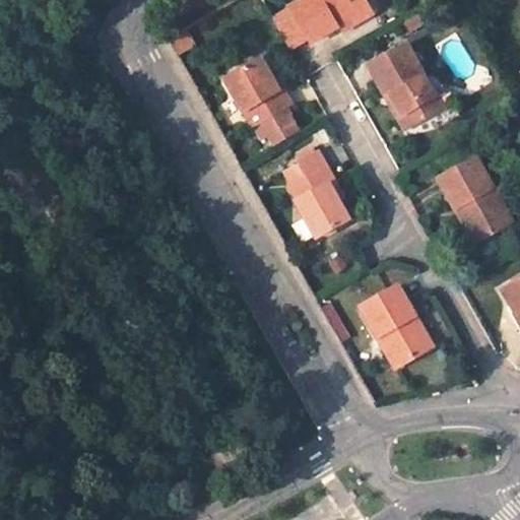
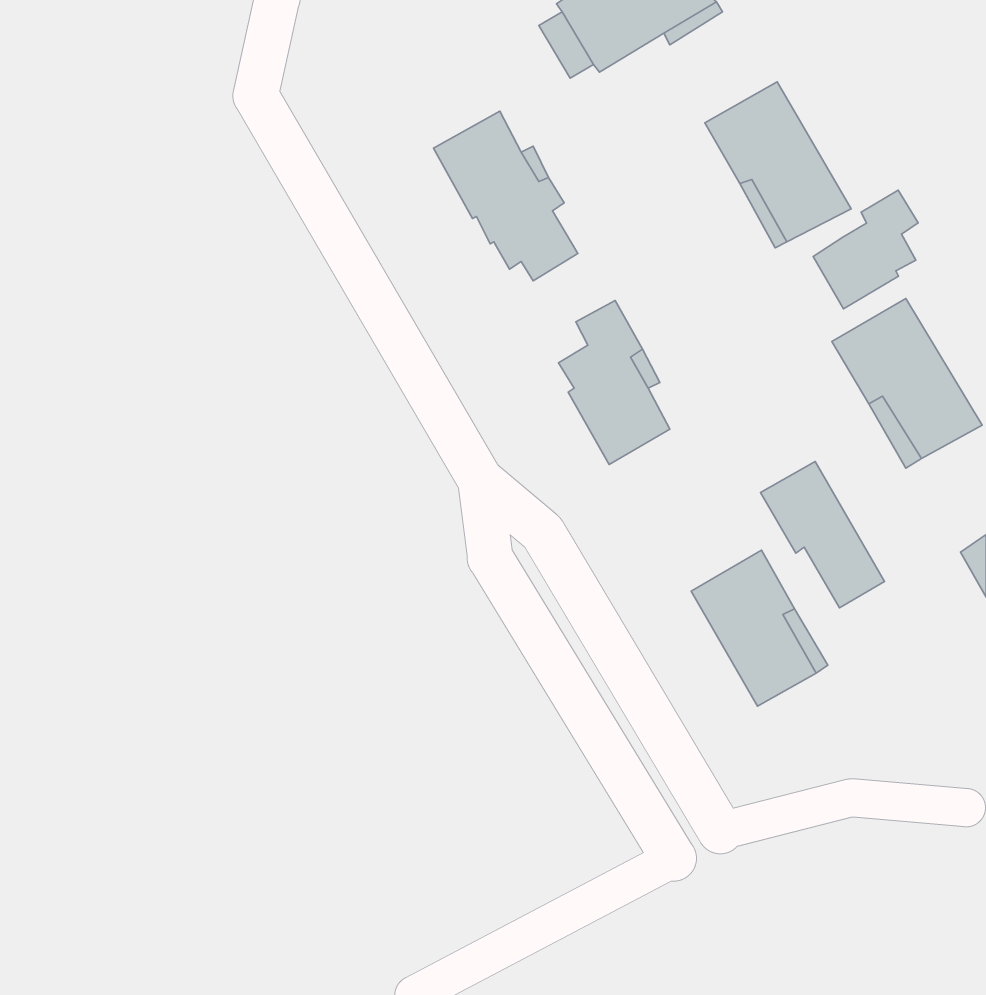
building: none -> [813,190,918,309]
building: none -> [760,462,884,608]

